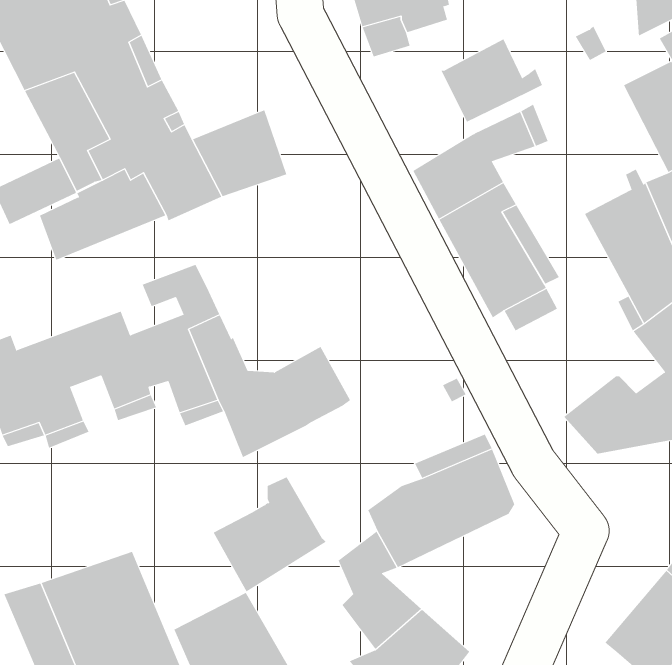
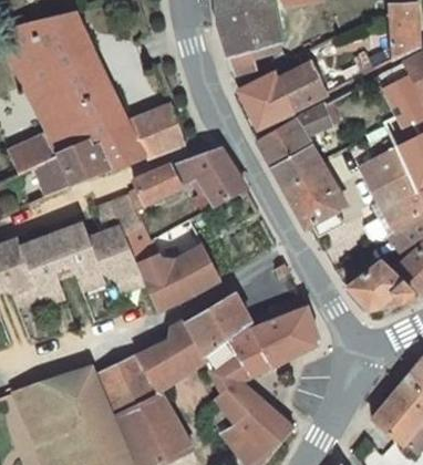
building: none -> [235,74,290,131]
building: none -> [130,146,247,208]
building: none -> [184,291,250,371]
building: none -> [100,354,159,412]

